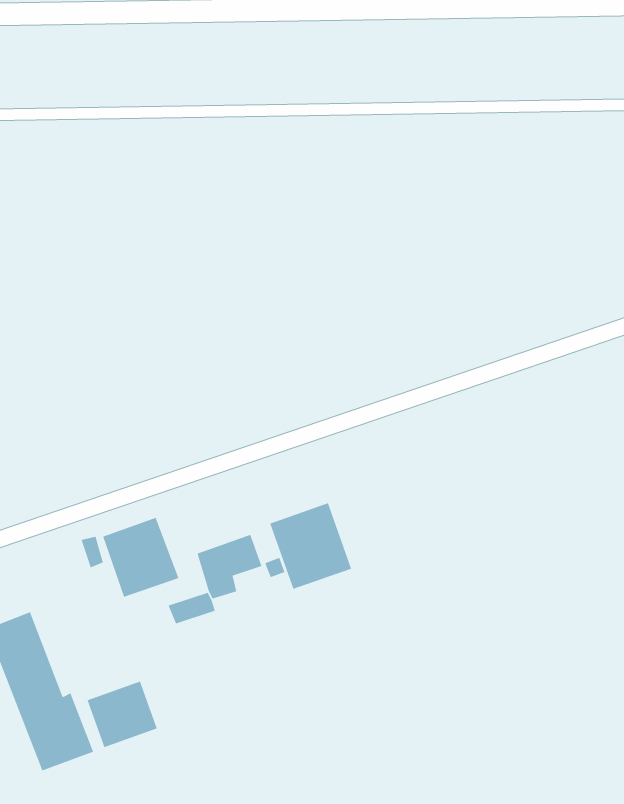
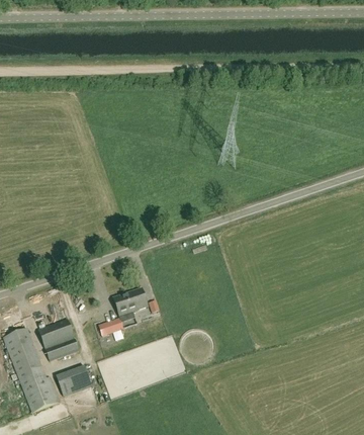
building: [269,502,352,590] -> none
building: [102,517,179,598] -> [38,318,79,360]

